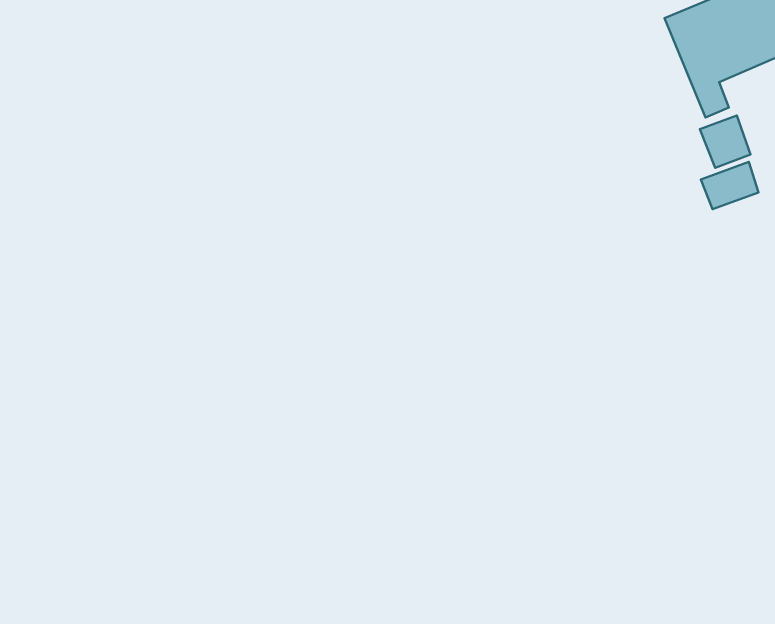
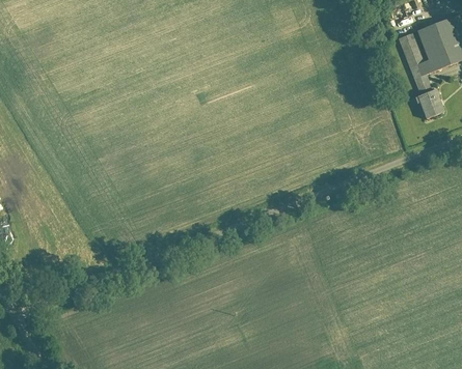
building: [701,162,759,209] -> none

